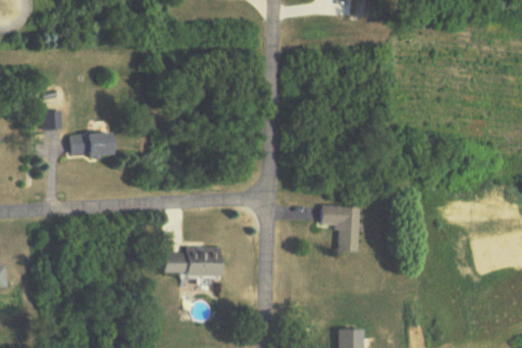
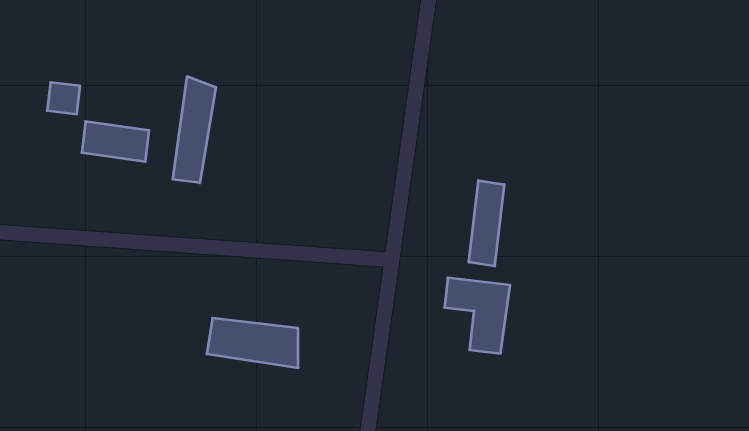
building: none -> [173,76,216,183]
building: none -> [469,180,504,266]

